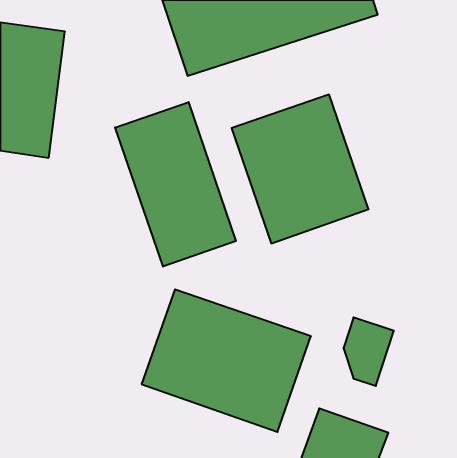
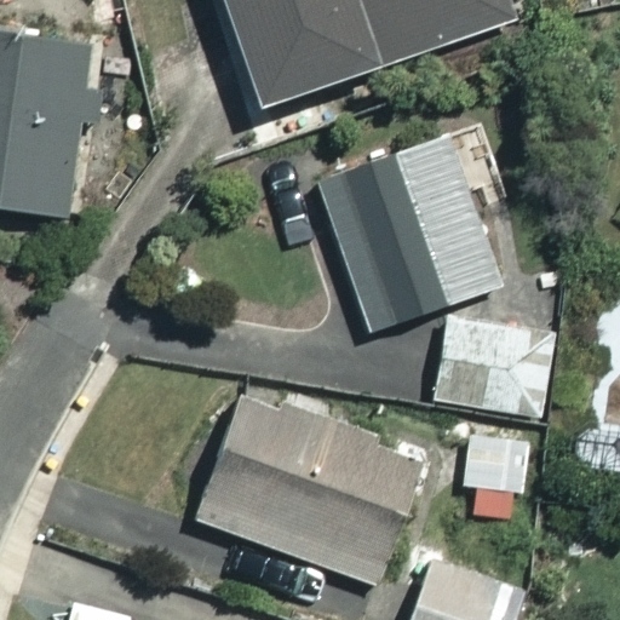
building: [115,102,236,267] -> none
building: none -> [437,317,552,415]

